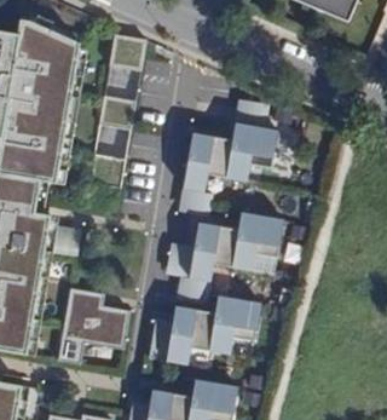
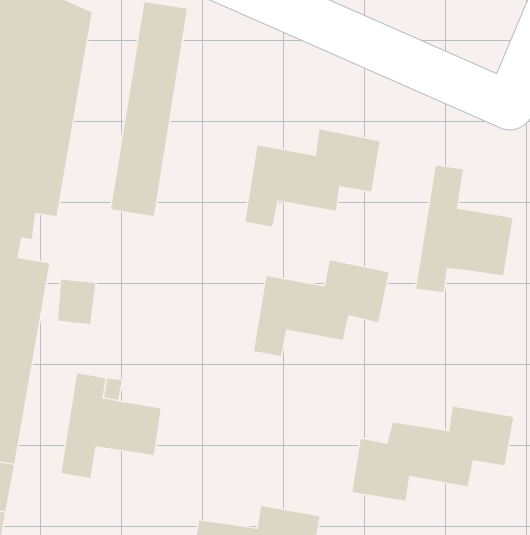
building: none -> [415,165,514,293]
building: [149,297,260,362] -> [351,406,514,501]

